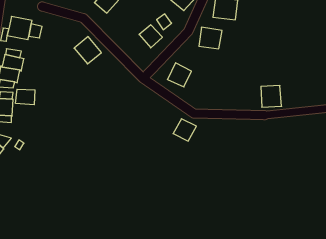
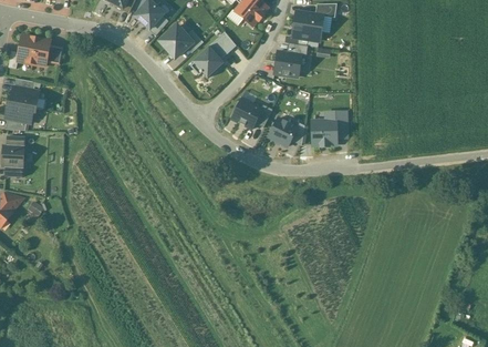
building: [74,37,101,64] -> [158,20,195,57]
building: [261,86,282,107] -> [311,116,339,145]
building: [16,89,35,105] -> none
building: [173,119,196,141] -> [268,115,299,145]

